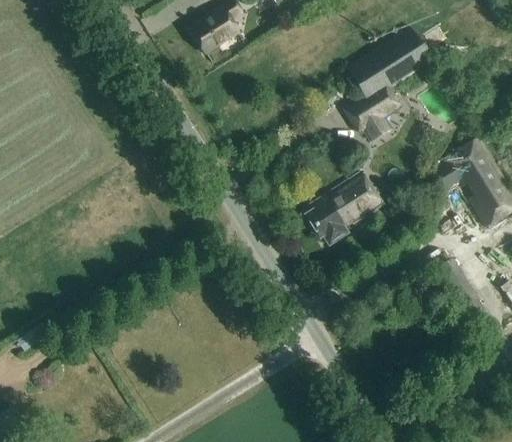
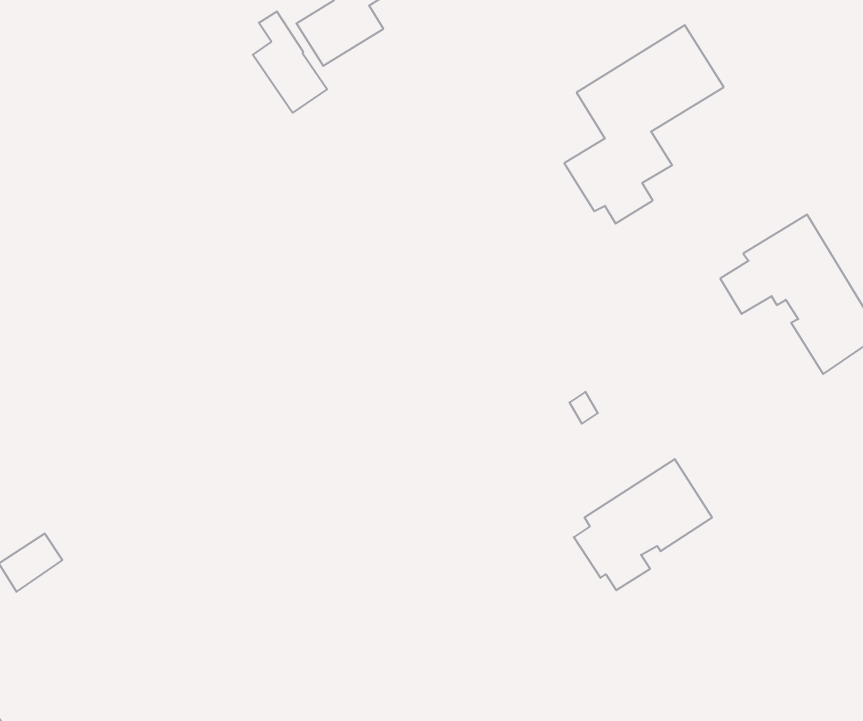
building: none -> [253,11,327,113]
building: [306,169,384,243] -> [574,459,712,590]

